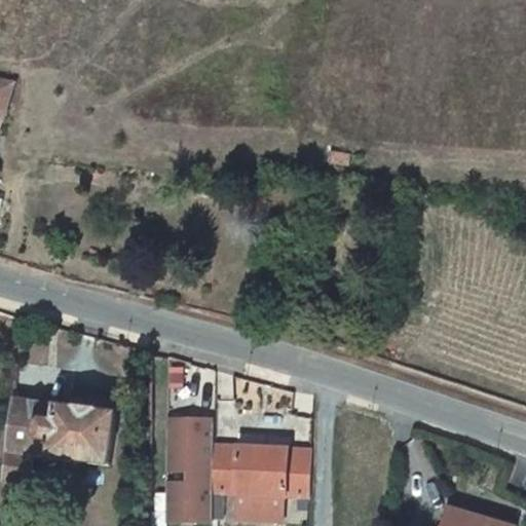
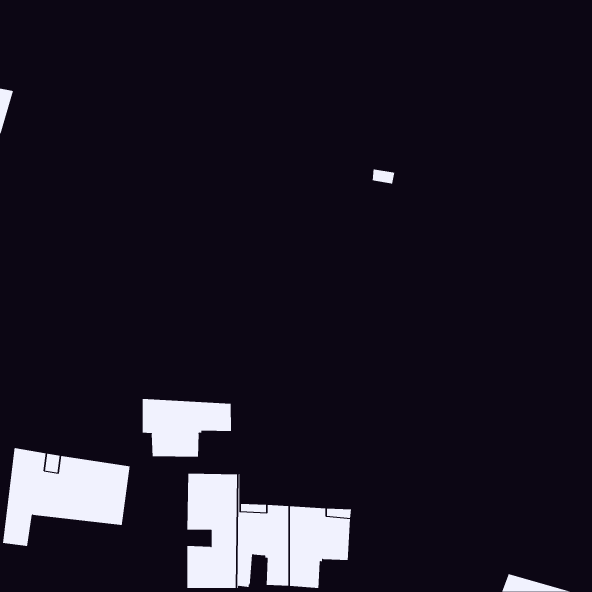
building: none -> [142,398,232,457]

